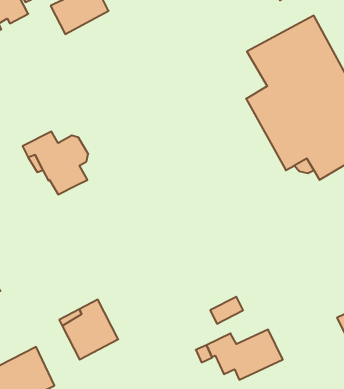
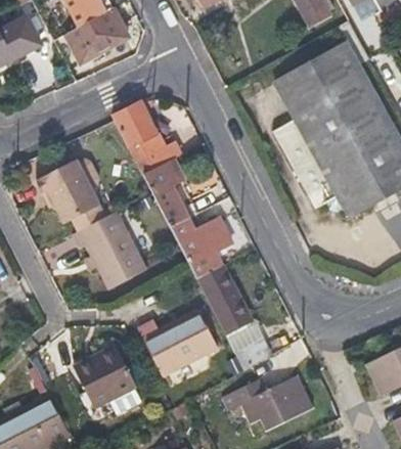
building: none -> [114,99,249,339]
building: none -> [72,211,146,289]
building: none -> [139,309,218,375]

